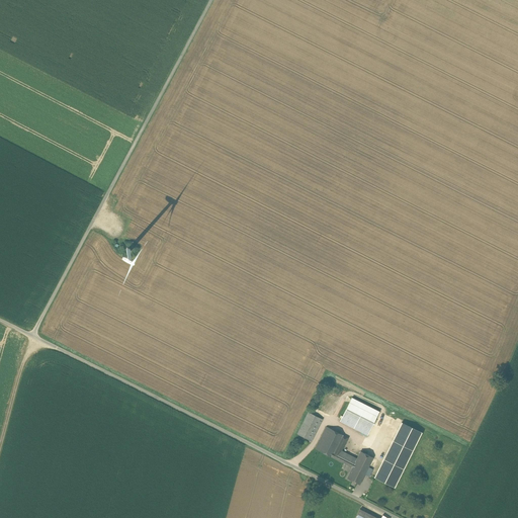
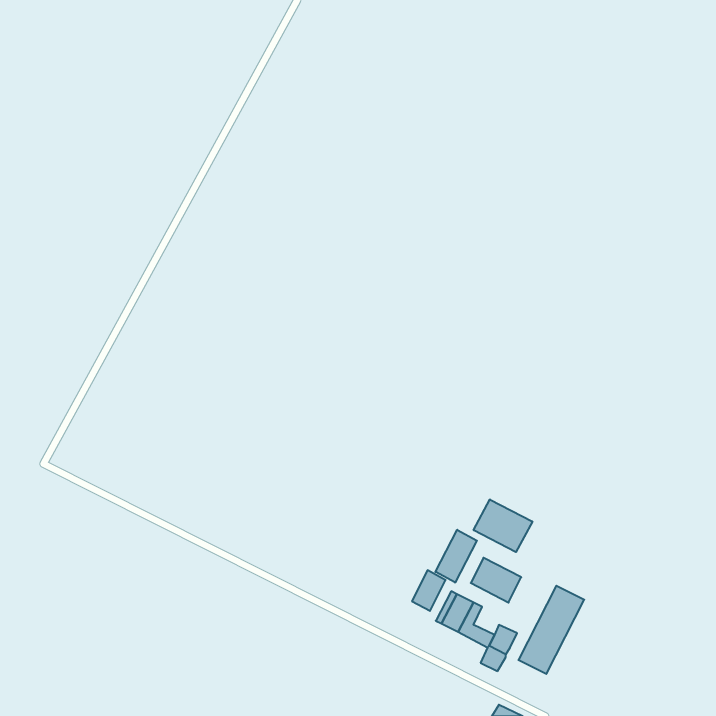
building: none -> [474,499,532,552]
building: none -> [435,530,477,583]

